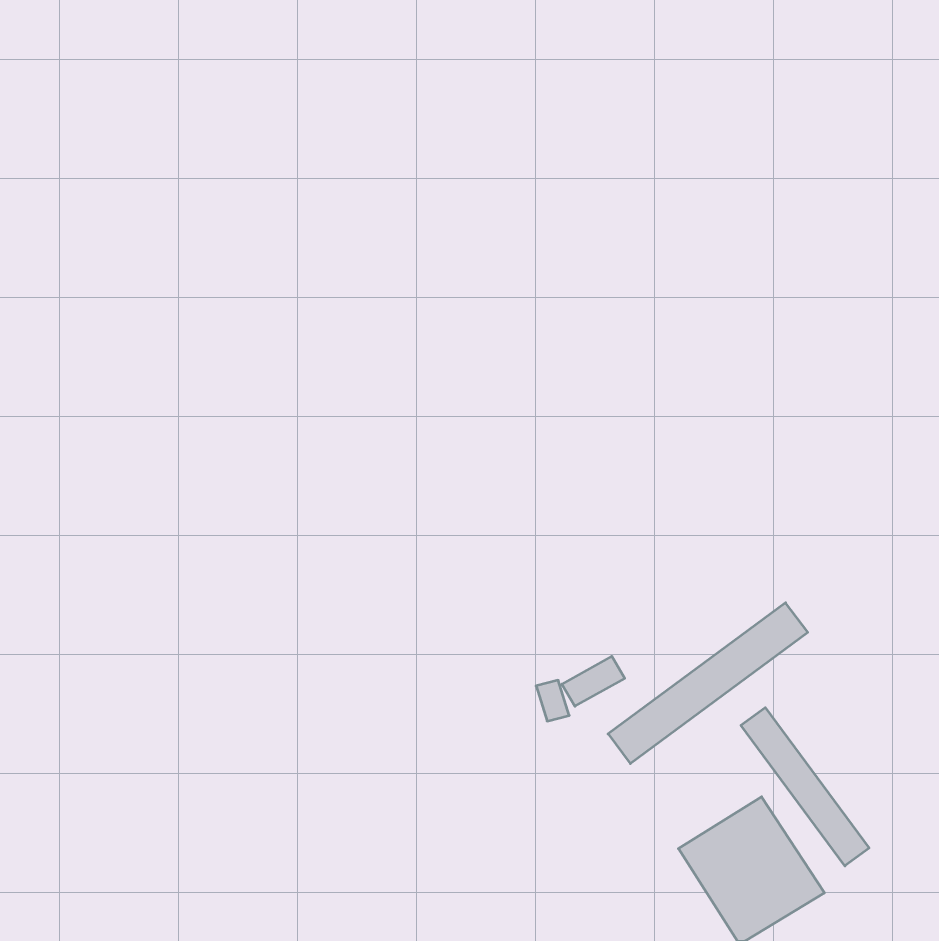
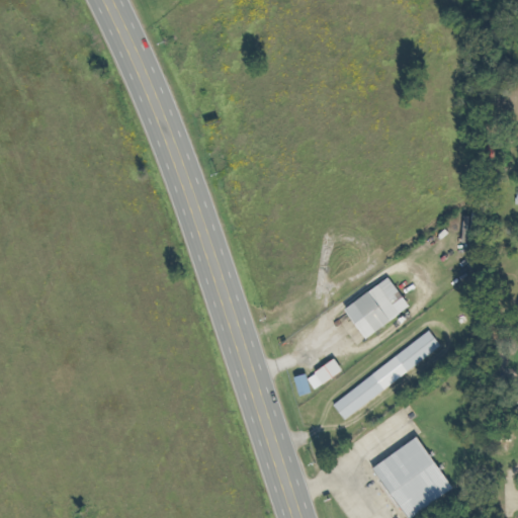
building: none -> [343,276,410,338]
building: [741,708,869,866] -> none

